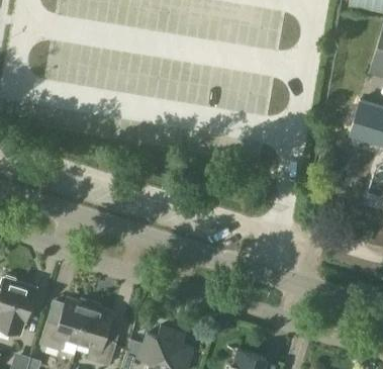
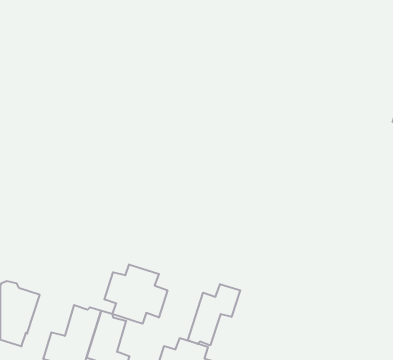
building: none -> [104,264,167,324]
building: none -> [188,284,240,345]

